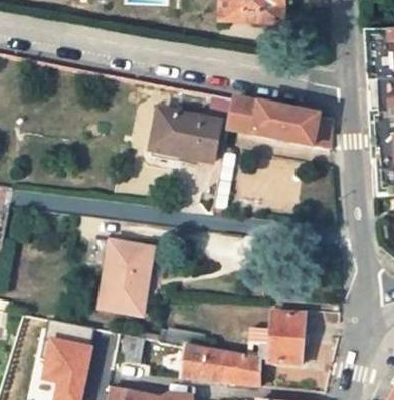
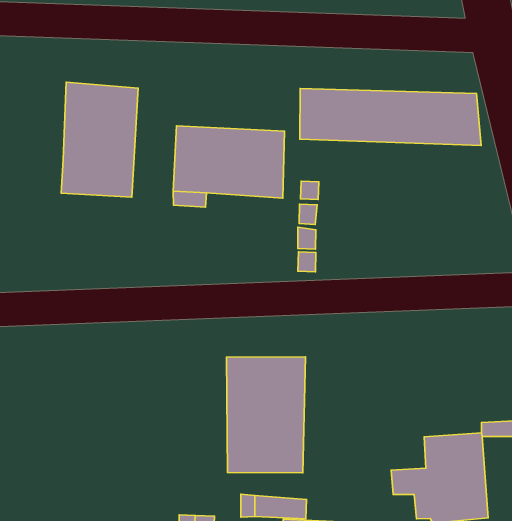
building: none -> [61,82,138,197]
building: [100,241,155,315] -> [227,357,305,473]

